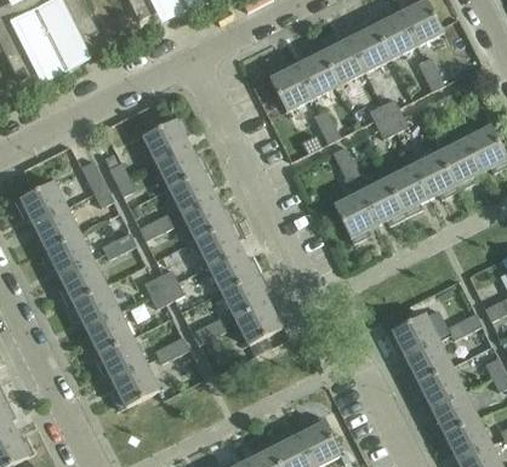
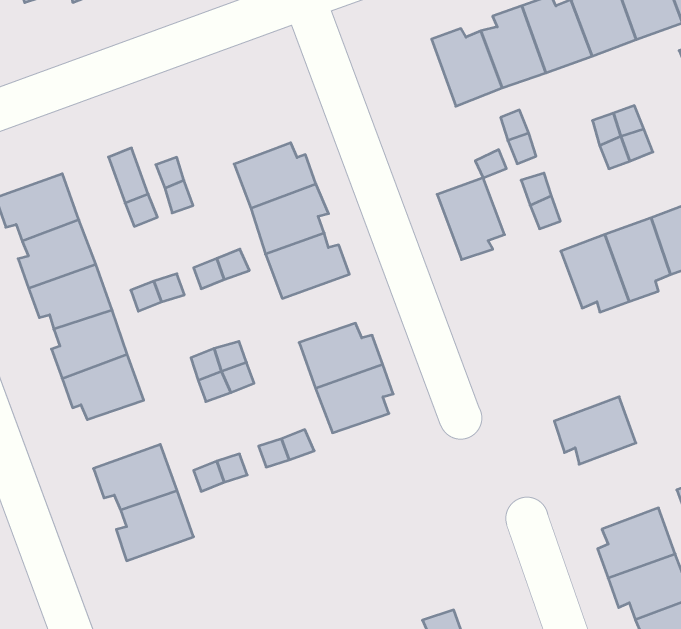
building: [143,116,190,163] -> none
building: [334,192,377,243] -> [437,178,505,260]
building: [195,221,243,266] -> none
building: [235,302,287,344] -> none
building: [85,312,132,357] -> none
building: [387,313,438,357] -> [554,397,636,464]

